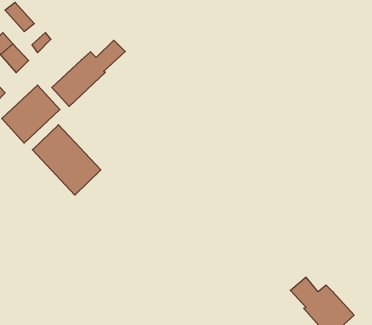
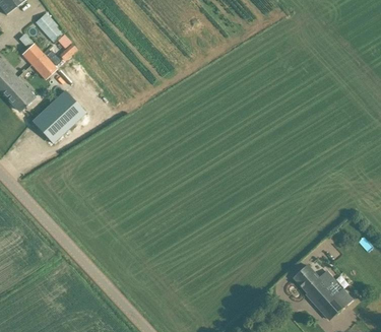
building: [52,40,125,106] -> none
building: [32,125,101,195] -> none

